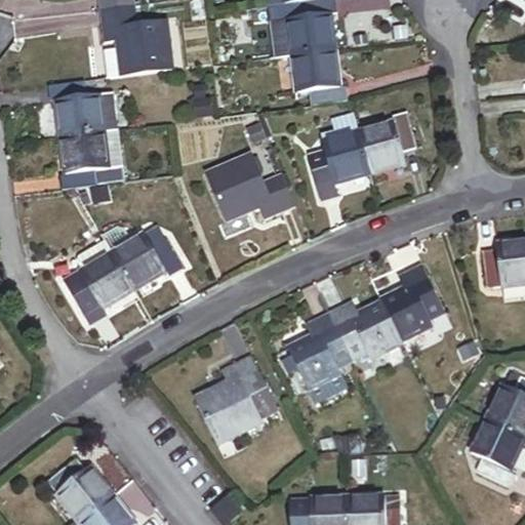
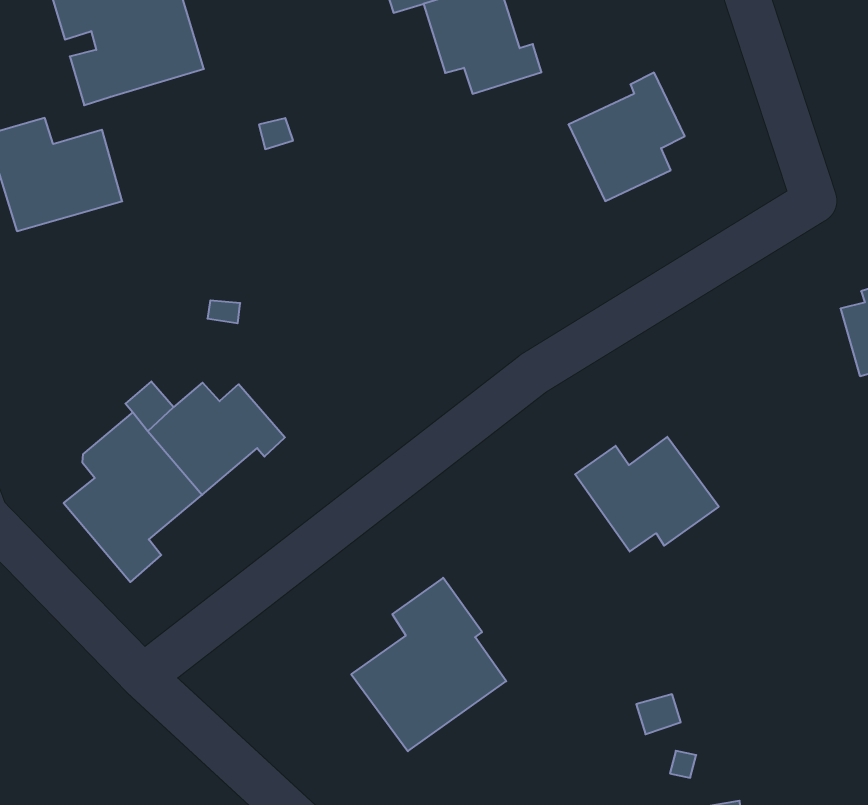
building: [311,114,369,192] -> none
building: [57,130,124,189] -> none
building: [206,154,294,219] -> none
building: [379,266,444,340] -> none
building: [288,313,351,389] -> none

